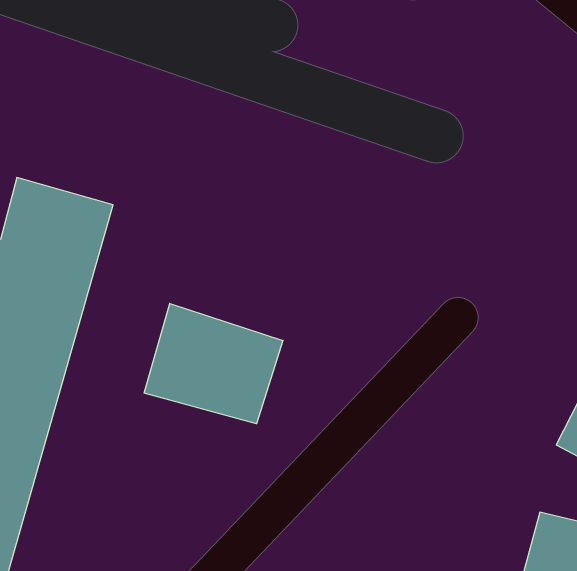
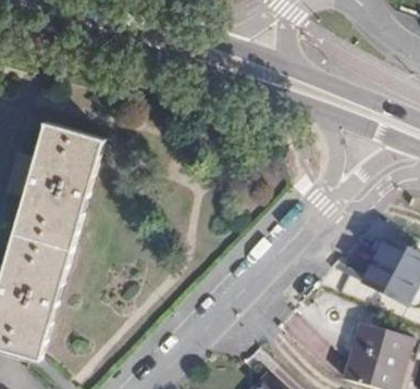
building: [144,303,283,424] -> none

